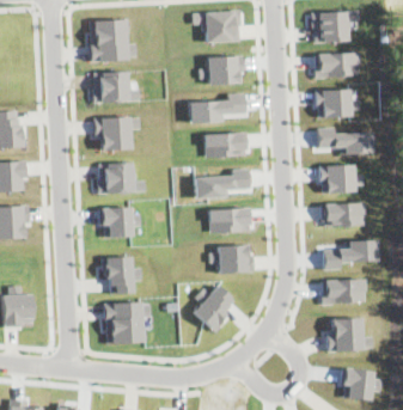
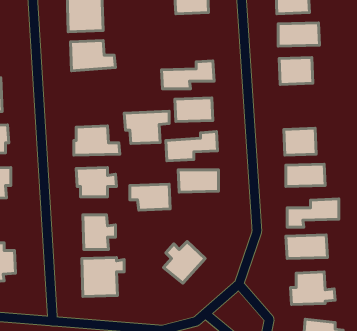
building: [200,56,244,85] -> none
building: [94,116,142,151] -> [124,111,169,144]
building: [318,128,373,154] -> none
building: [209,246,252,274] -> [130,184,170,210]

